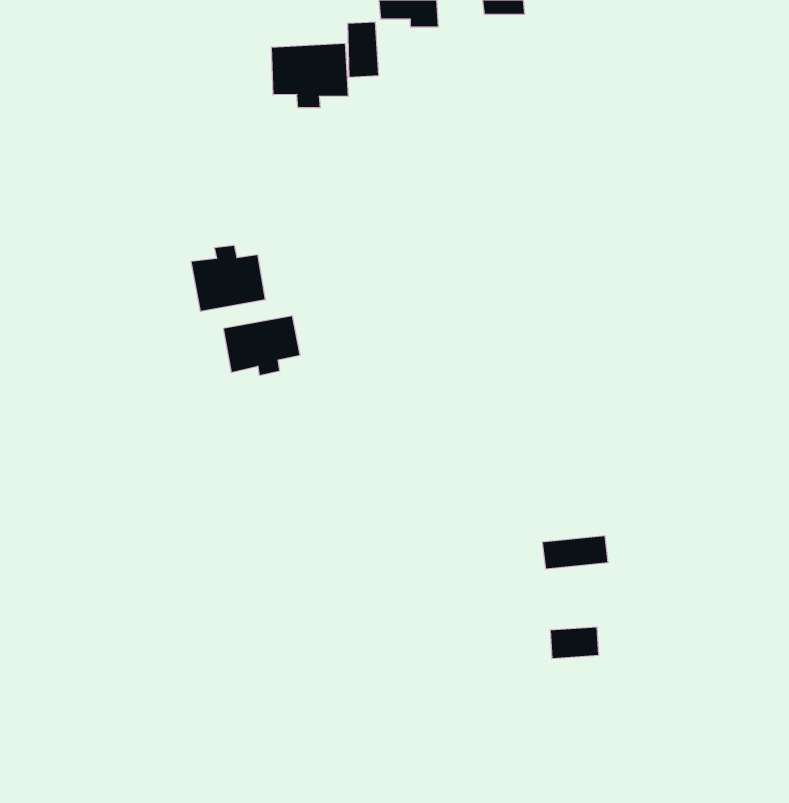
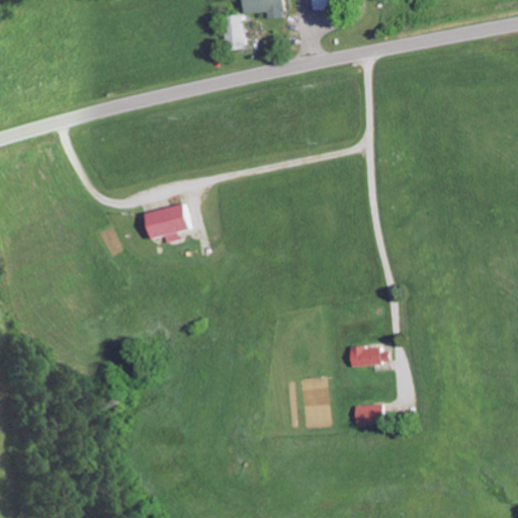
building: [271,43,348,108] -> none
building: [191,245,265,312] -> none

